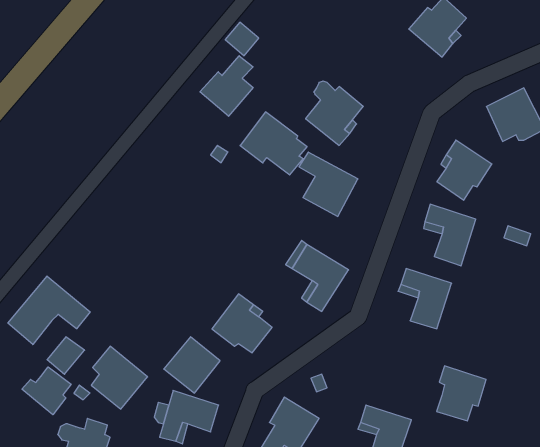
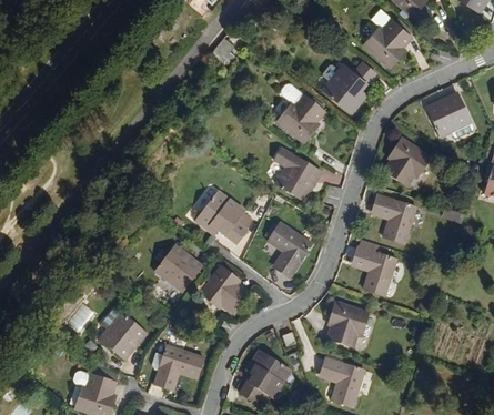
building: none -> [322,60,376,112]
building: [200,56,253,116] -> none
building: [240,112,307,175] -> [195,192,251,244]
building: [8,276,90,345] -> none
building: [164,337,220,393] -> [155,243,202,290]
building: [437,366,486,421] -> [327,302,369,347]
building: [22,367,71,415] -> none

